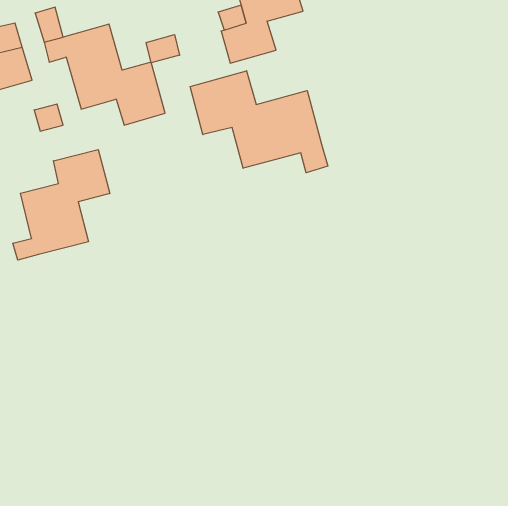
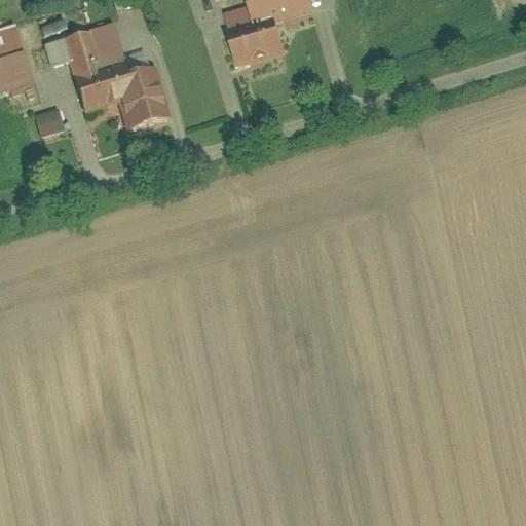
building: [146,35,180,63] -> none
building: [190,71,328,173] -> none
building: [13,150,110,260] -> none

